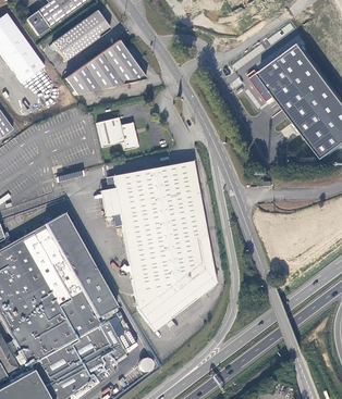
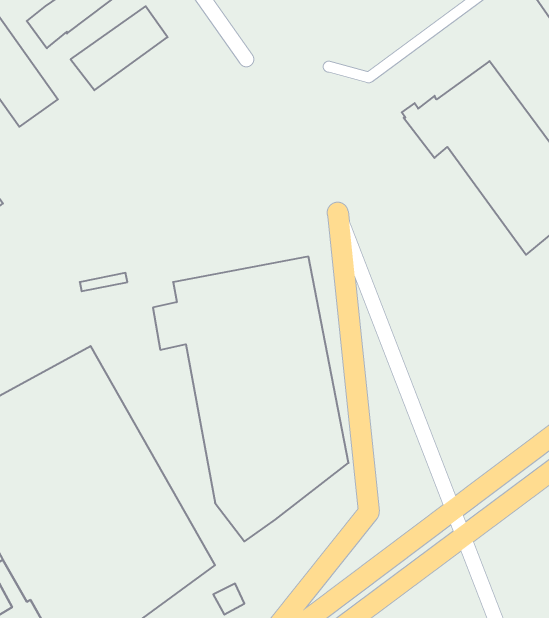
building: [66,38,147,93] -> none
building: [98,116,139,149] -> none

